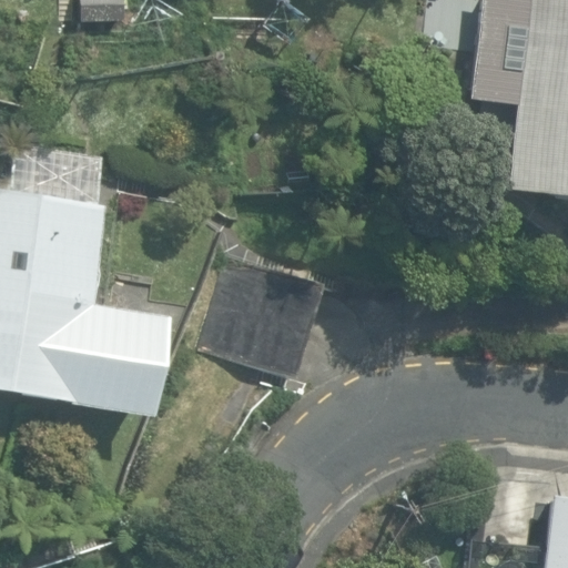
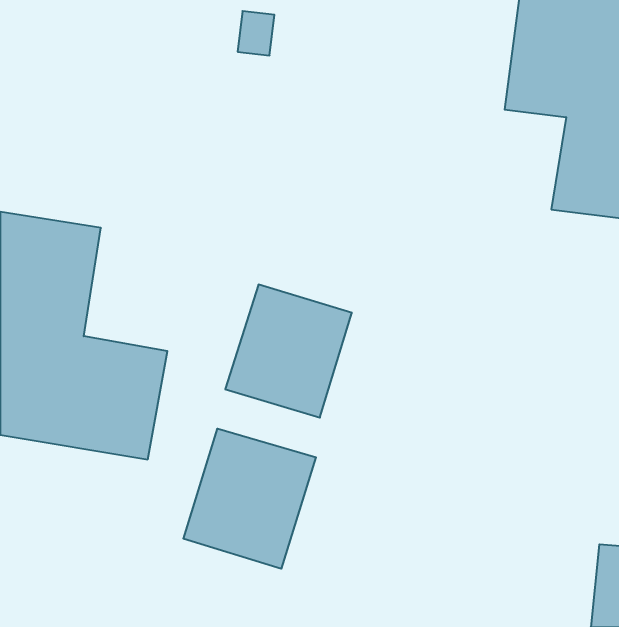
building: none -> [183,429,316,569]

